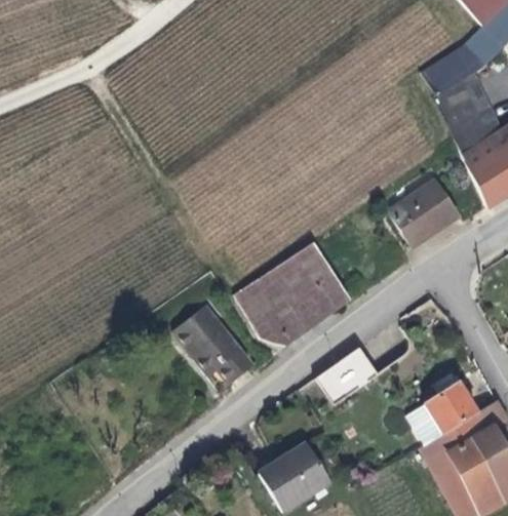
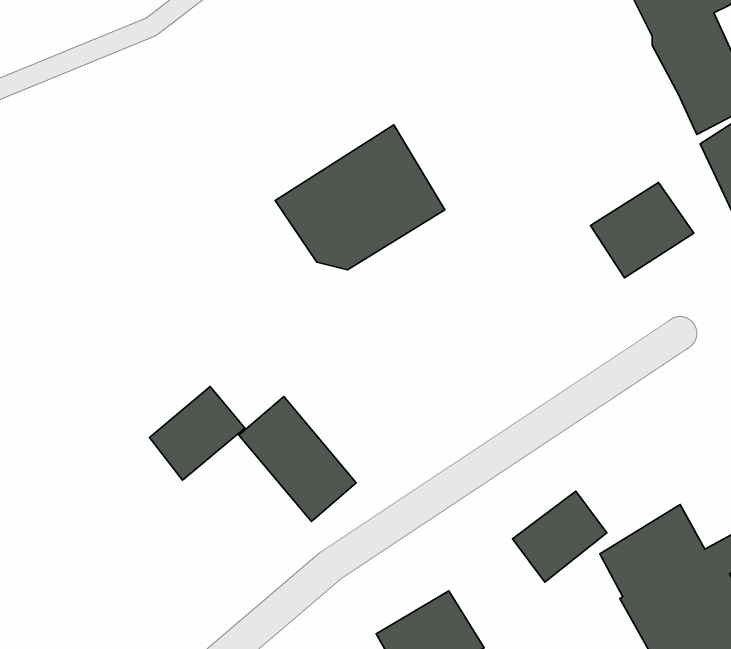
building: [244,235,357,331] -> [275,125,445,270]
building: none -> [150,386,245,480]
building: [316,349,379,409] -> [513,491,607,582]

